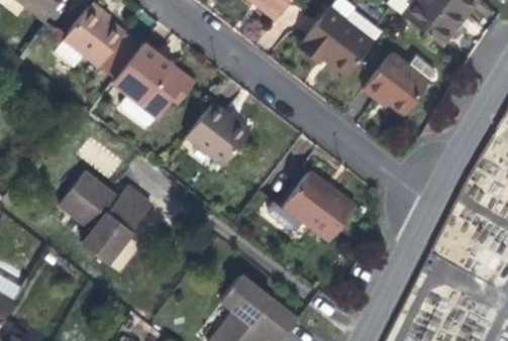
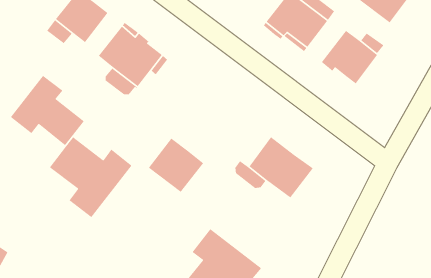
building: none -> [10,75,85,146]
building: [185,102,248,164] -> [148,137,204,193]

